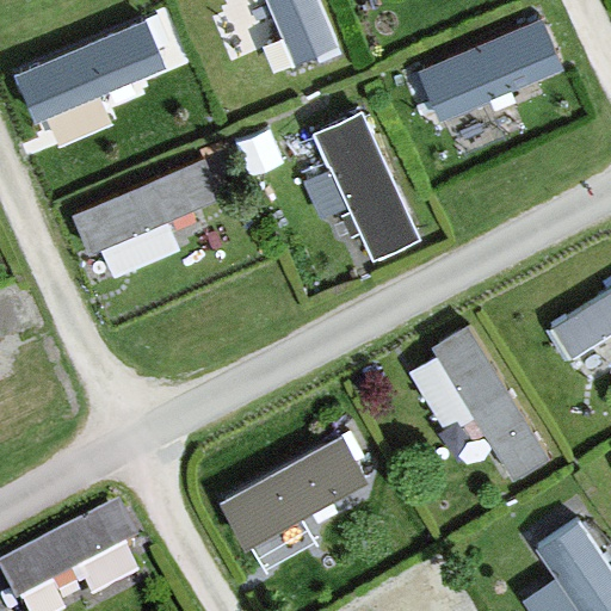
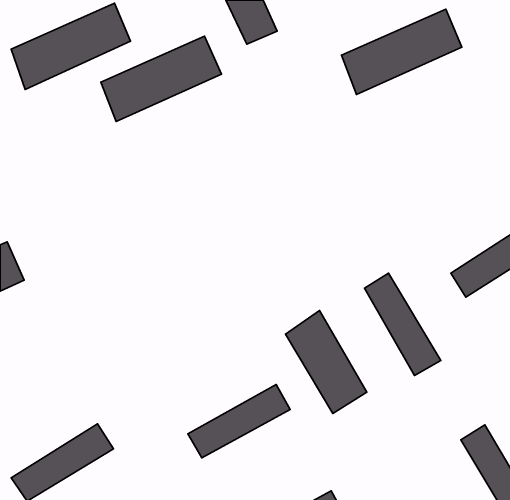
building: [317,111,419,253] -> none
building: [74,158,217,259] -> [101,36,221,121]
building: none -> [285,311,367,413]

